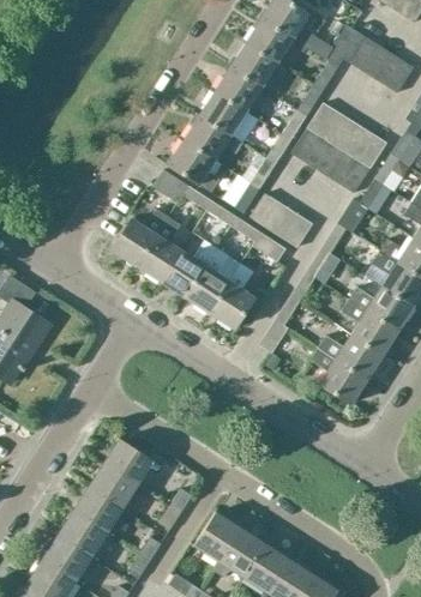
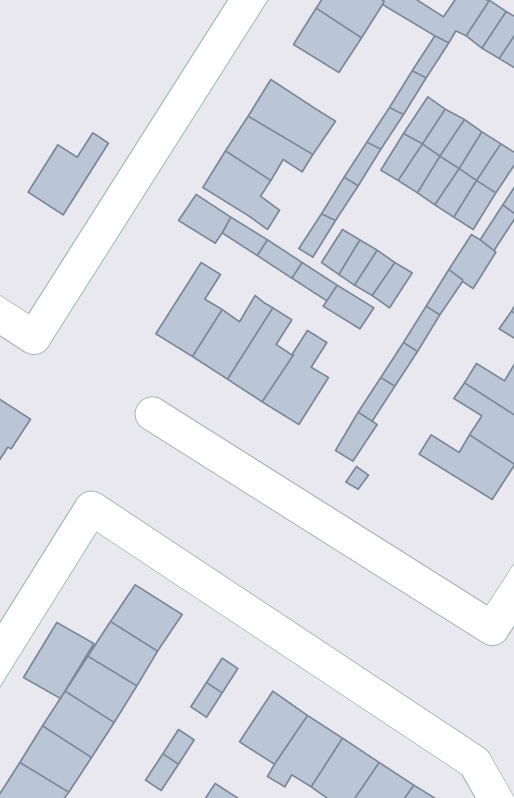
building: [216,66,263,110] -> none
building: [113,209,168,265] -> [28,133,108,215]
building: [312,348,368,404] -> none
building: none -> [23,622,94,699]

